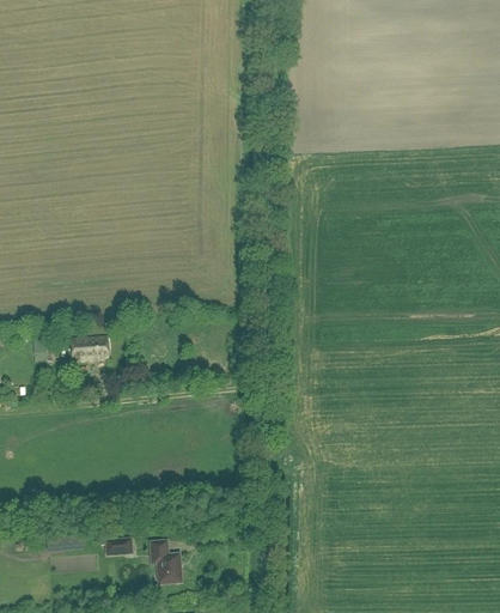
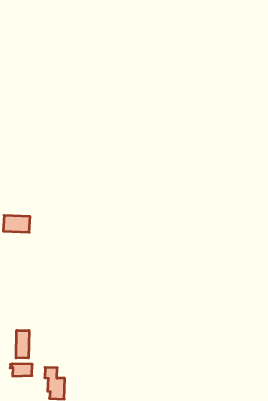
building: none -> [16,330,29,358]

